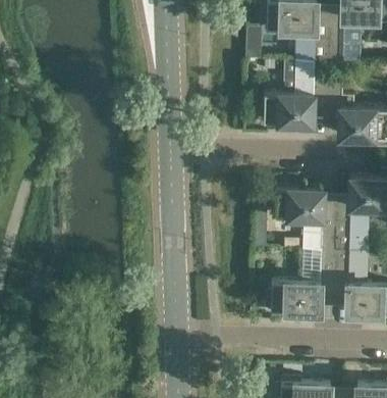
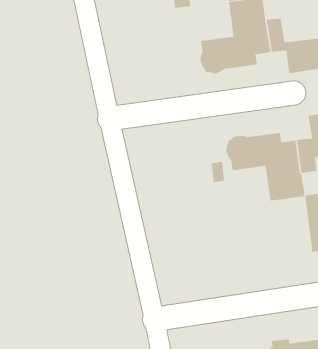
building: [265,252,334,317] -> none

